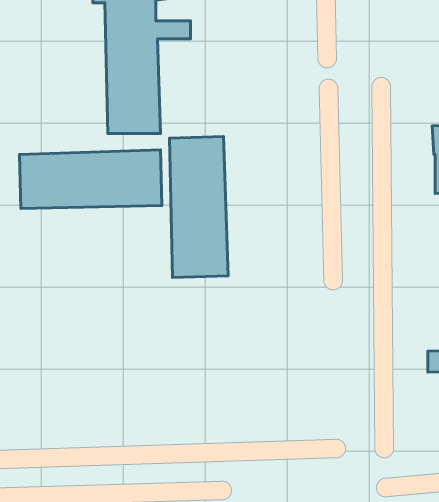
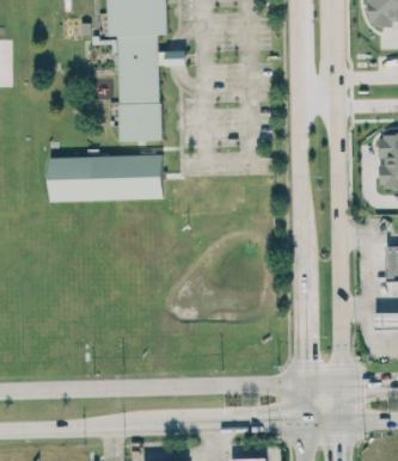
building: [169,137,228,277] -> none

